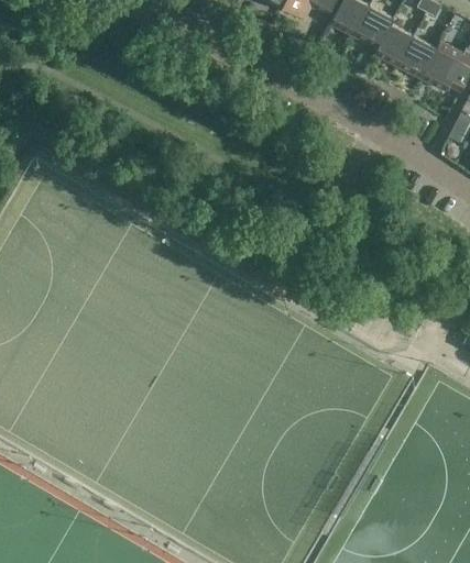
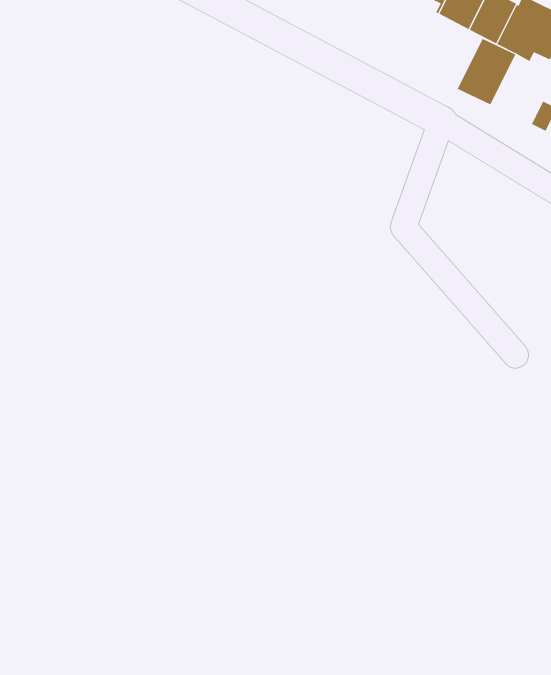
building: none -> [457,38,516,105]

